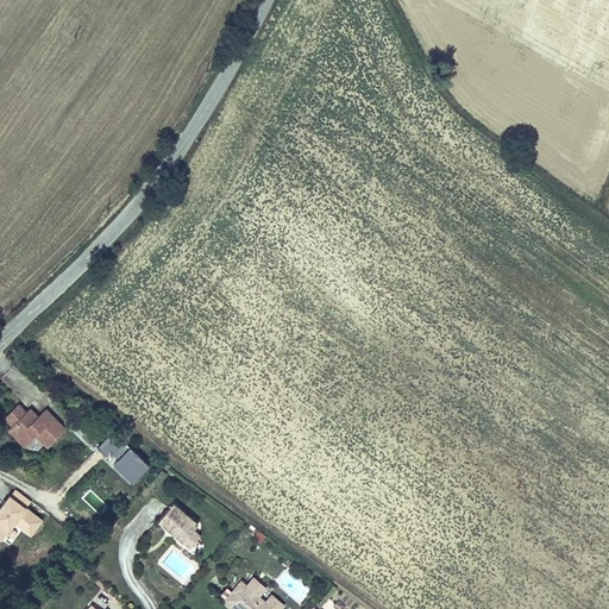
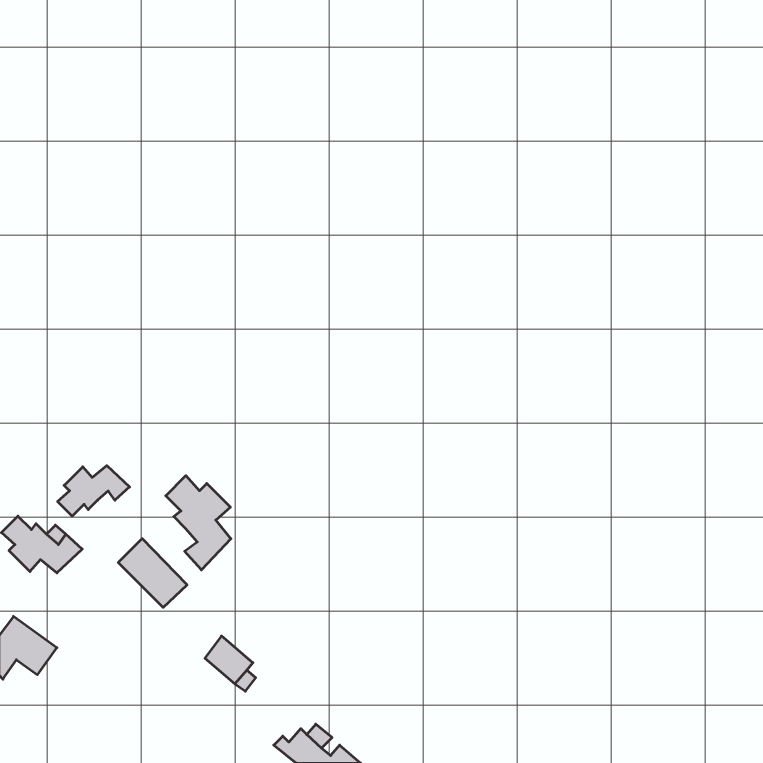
building: none -> [58,466,130,516]
building: none -> [166,476,231,570]

